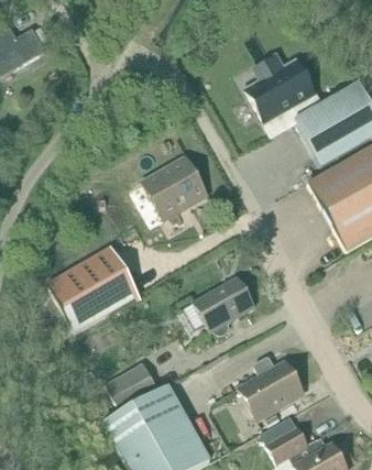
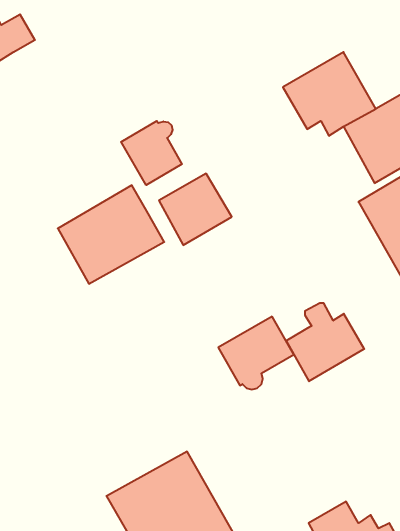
building: none -> [121,121,182,185]
building: [50,250,136,330] -> [58,185,164,284]
building: [239,356,303,419] -> [286,303,364,381]
building: [105,361,158,409] -> none

